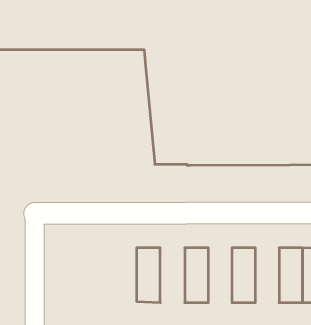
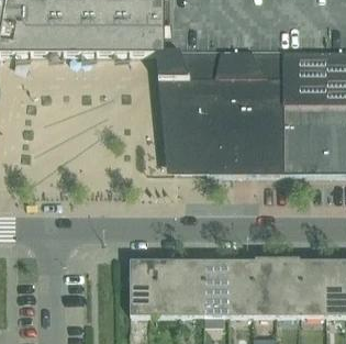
building: none -> [130,260,155,315]
building: none -> [179,260,204,317]
building: none -> [228,260,253,317]
building: none -> [277,260,301,317]

